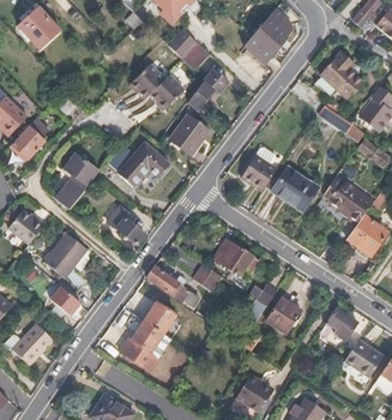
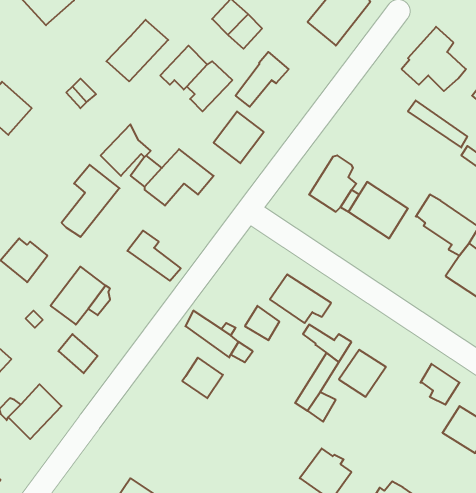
building: none -> [106,20,168,81]
building: [14,116,53,156] -> [101,124,151,176]
building: [120,320,169,370] -> none

